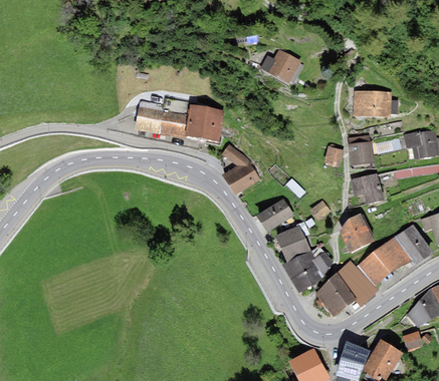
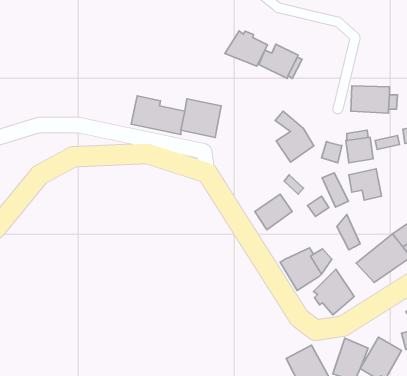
building: none -> [225,31,268,66]
building: [222,144,260,195] -> [275,111,314,162]
building: [349,213,375,247] -> [322,173,349,207]
building: [275,226,311,262] -> none
building: [338,260,379,307] -> none

